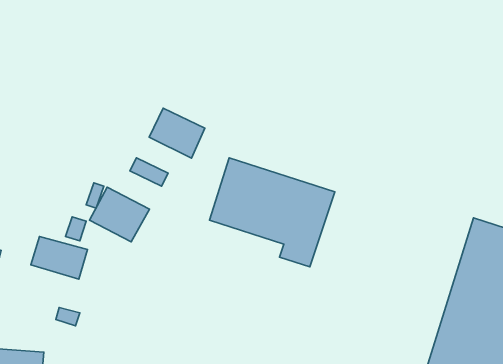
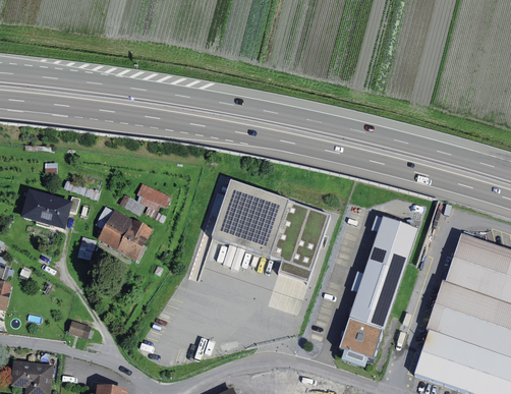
building: [149,108,205,158] -> none
building: none -> [338,216,416,367]
building: [31,237,88,279] -> [22,189,75,229]

